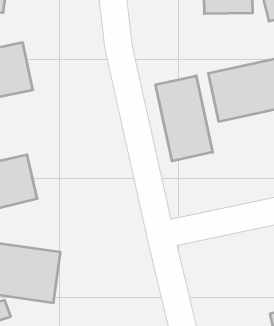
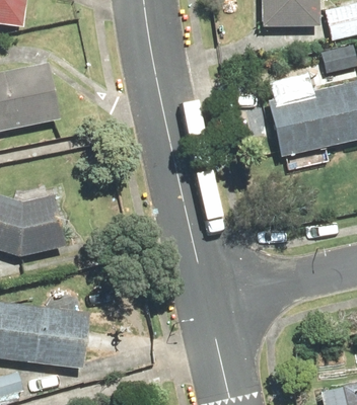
building: [156,76,213,161] -> none

